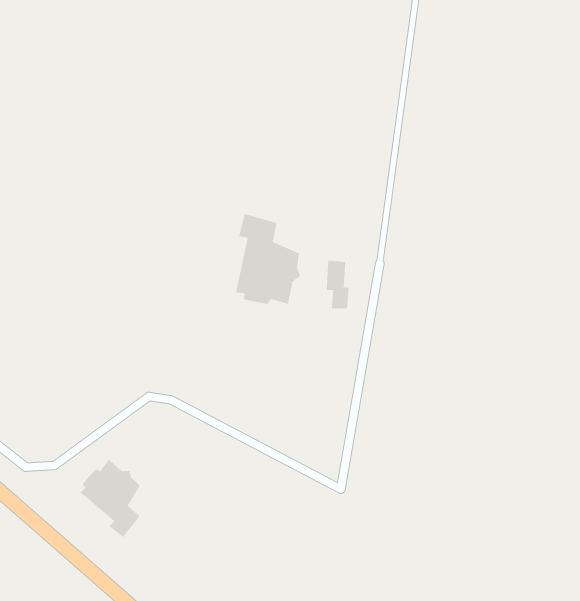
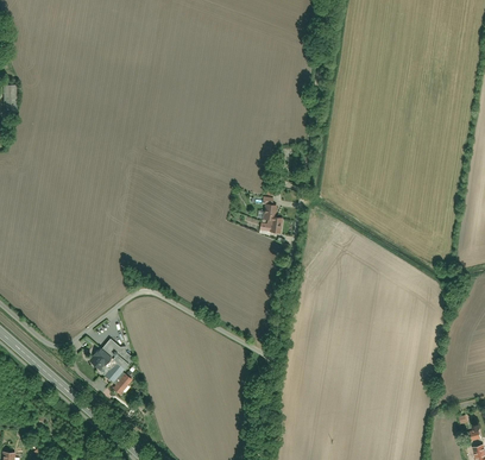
building: [235,213,301,305] -> none

